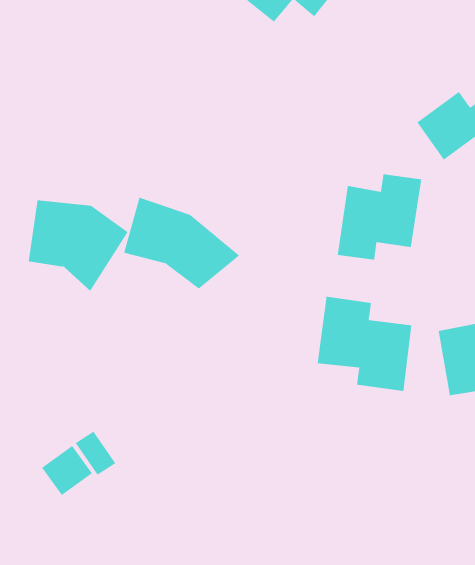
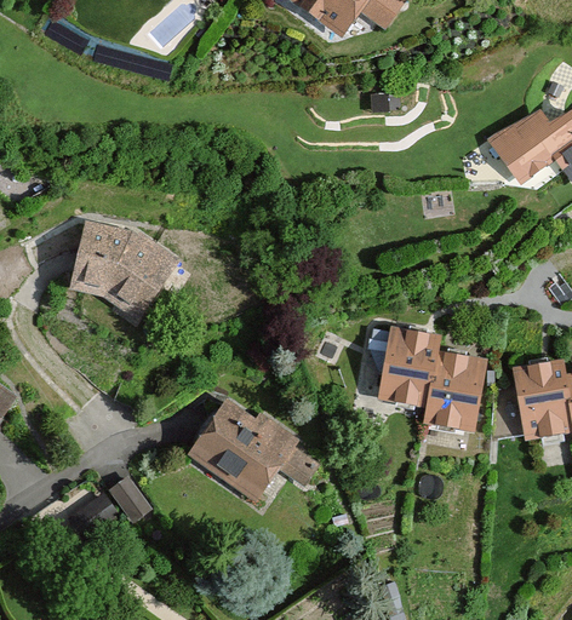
building: [337,174,422,260] -> none
building: [123,197,240,290] -> none
building: none -> [189,396,325,501]

